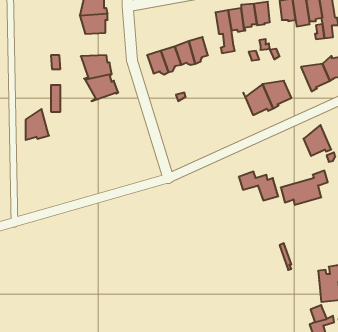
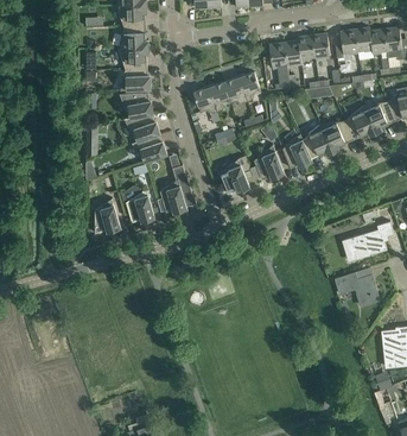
building: none -> [120,68,151,90]
building: none -> [132,134,167,163]
building: none -> [281,134,312,169]
building: none -> [252,145,284,181]
building: [26,109,49,140] -> [95,198,121,233]
building: none -> [220,159,249,194]
building: [303,125,331,156] -> [345,106,376,140]
building: none -> [160,179,186,213]
building: none -> [121,185,154,222]
building: [239,172,278,200] -> [335,273,379,305]

